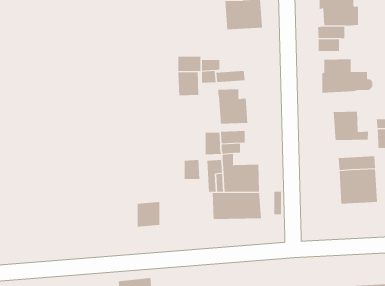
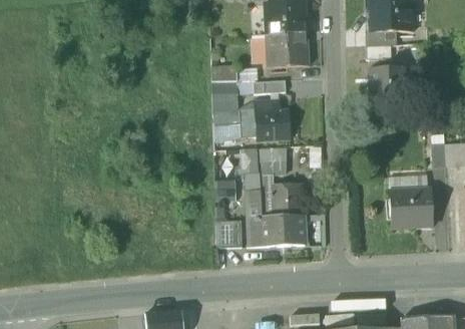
building: none -> [266,33,307,67]
building: none -> [212,107,259,142]
building: [333,111,368,141] -> none
building: [137,202,160,227] -> [216,220,243,248]

